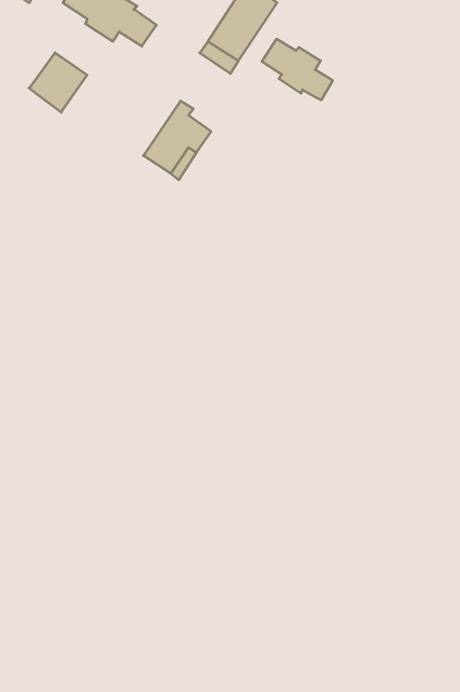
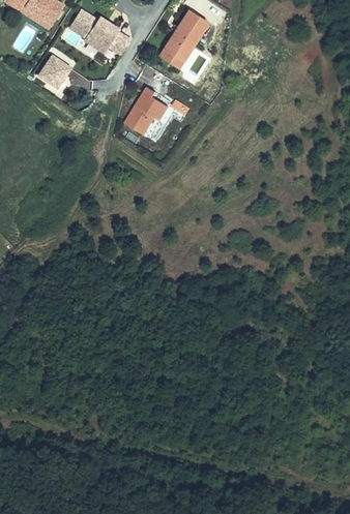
building: [262,39,333,100] -> none

